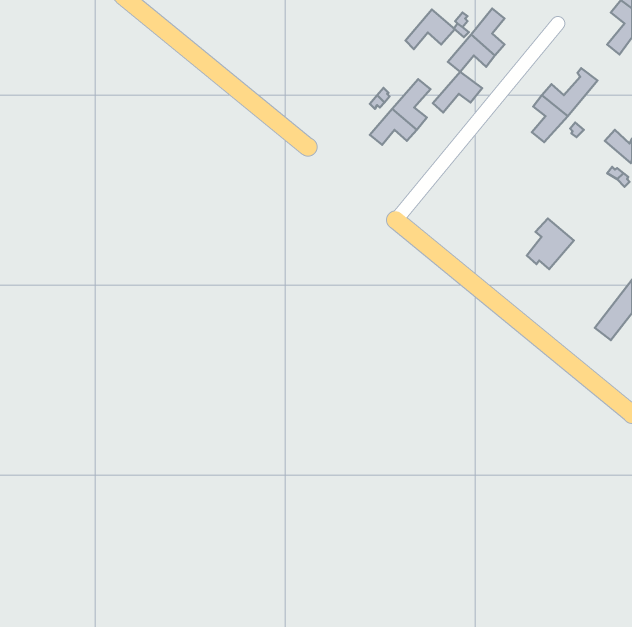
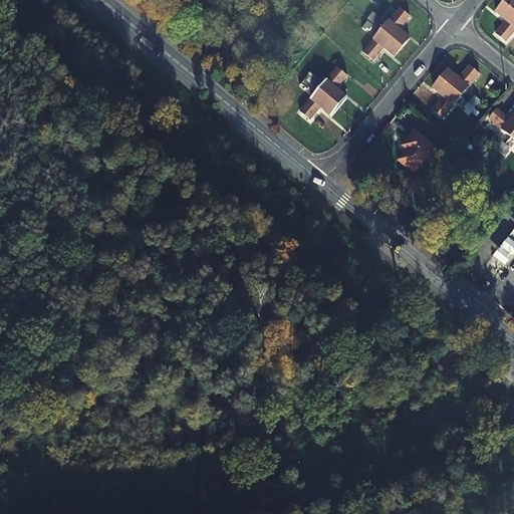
building: [405,9,455,49] -> none
building: [433,72,482,112] -> none
building: [527,218,574,269] -> [397,128,435,170]

